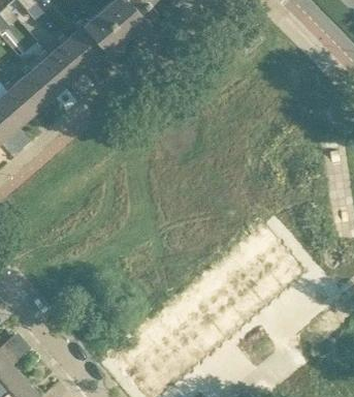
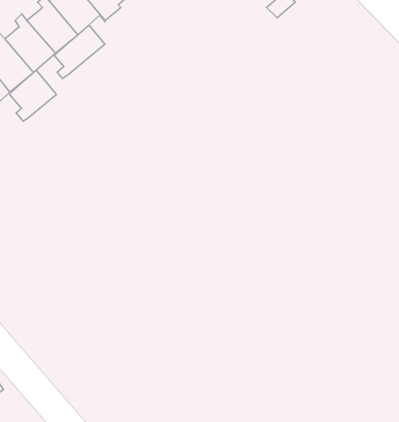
building: none -> [54,25,105,79]
building: none -> [9,70,57,121]

